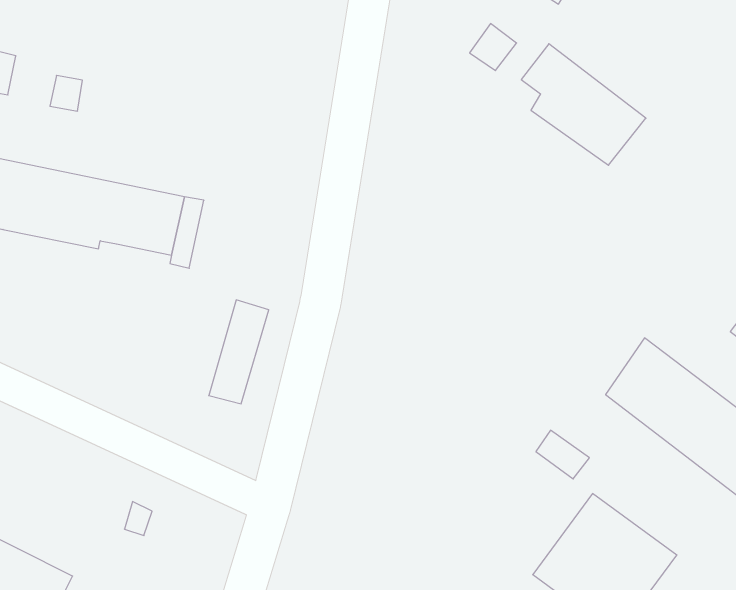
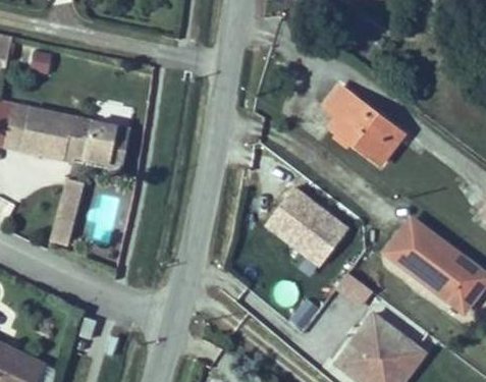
building: [521,44,646,165] -> [322,87,400,163]
building: none -> [265,185,349,264]
building: [209,300,269,404] -> [47,179,85,244]

